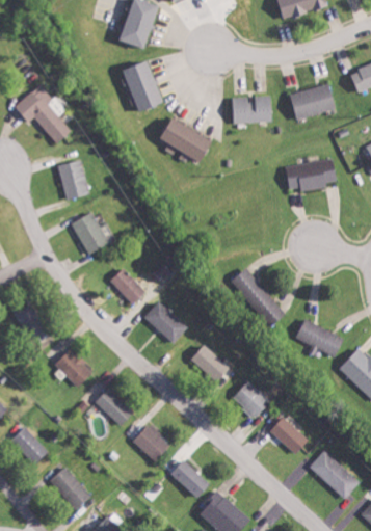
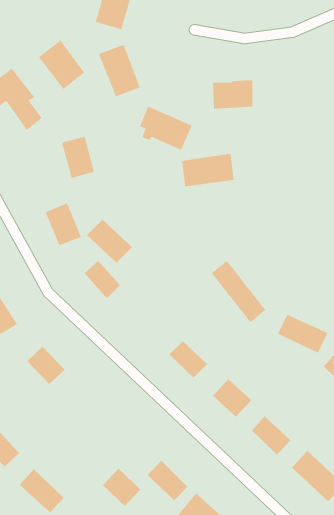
building: none -> [38,39,85,90]
building: [290,83,335,117] -> none
building: [285,158,336,190] -> [181,153,234,187]
building: [56,159,88,200] -> [61,136,95,178]
building: [142,300,187,343] -> [86,219,133,263]
building: [94,388,133,426] -> none
building: [132,424,169,461] -> [102,468,141,507]

